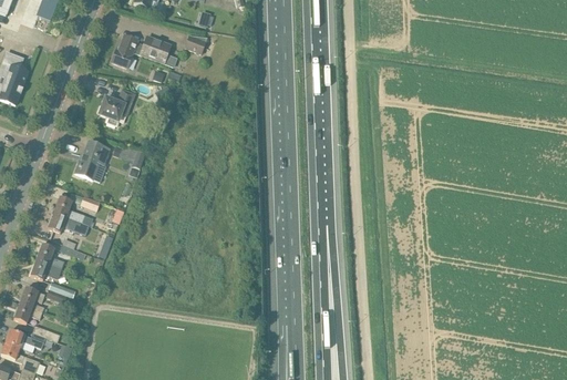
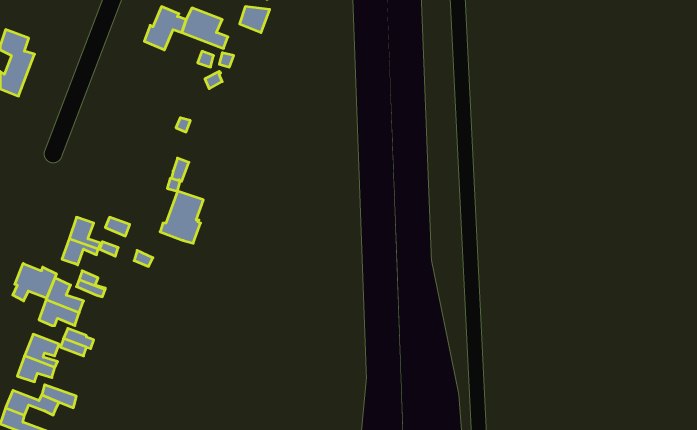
building: [99,90,133,125] -> none
building: [74,142,107,182] -> [160,191,203,243]
building: none -> [13,263,56,301]

